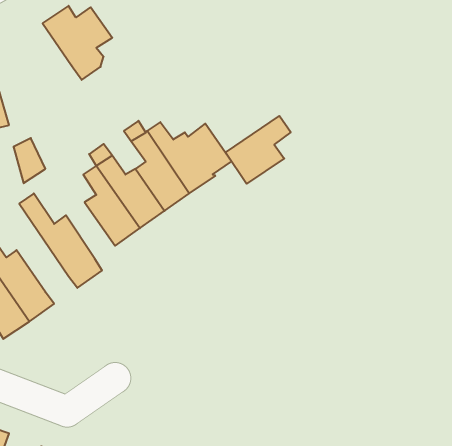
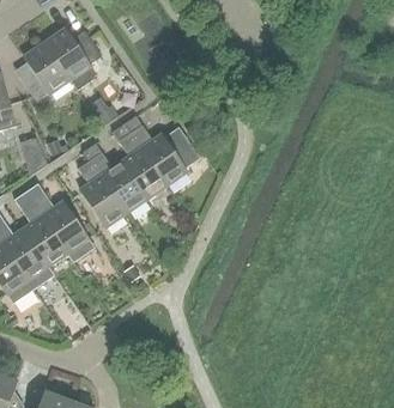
building: none -> [18,42,68,99]
building: [225,116,291,184] -> none
building: none -> [14,190,66,263]

